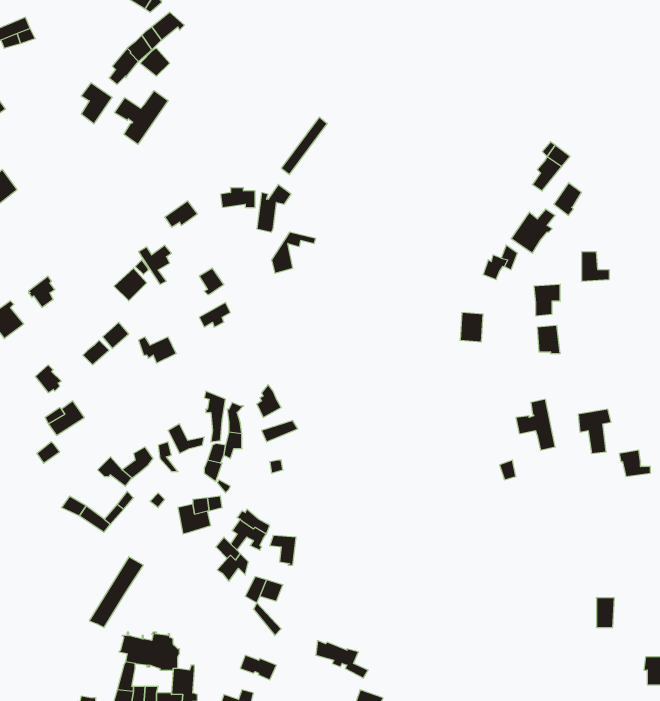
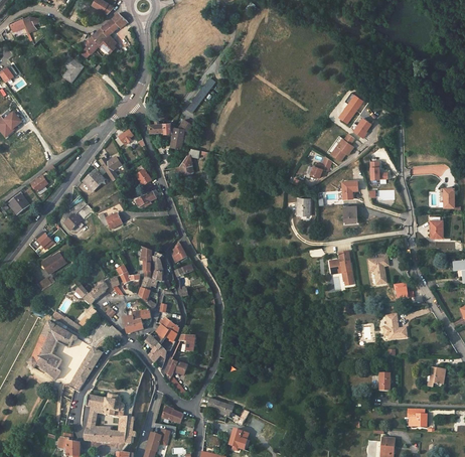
building: [115,91,168,144] -> none
building: none -> [383,314,407,339]
building: none -> [28,322,78,378]

